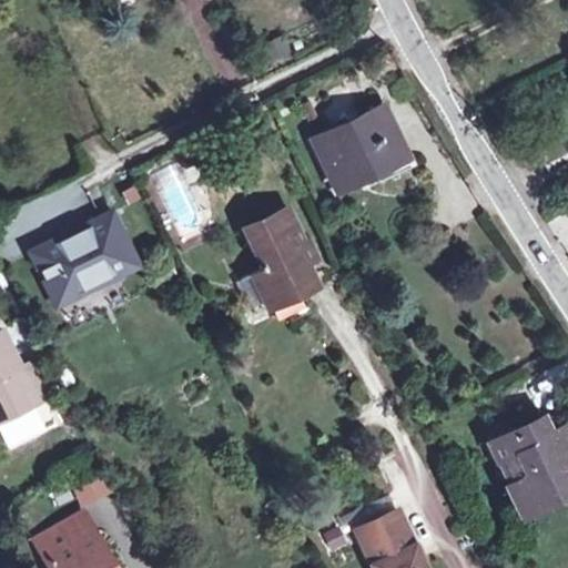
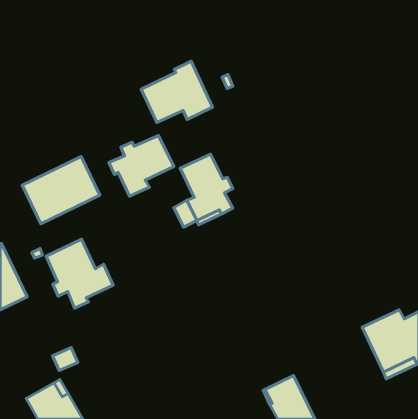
building: [315,104,412,187] -> [141,61,213,123]
building: none -> [109,135,174,196]
building: none -> [46,239,113,308]

